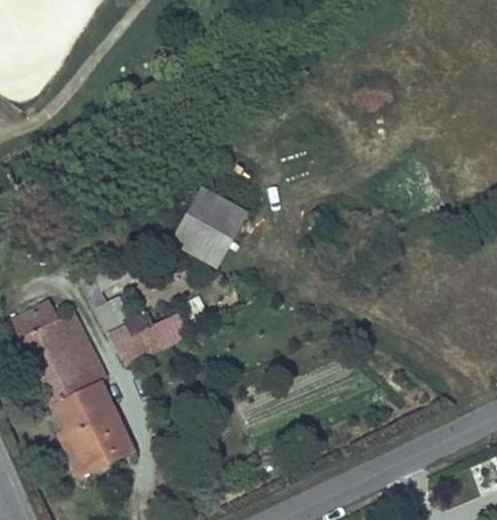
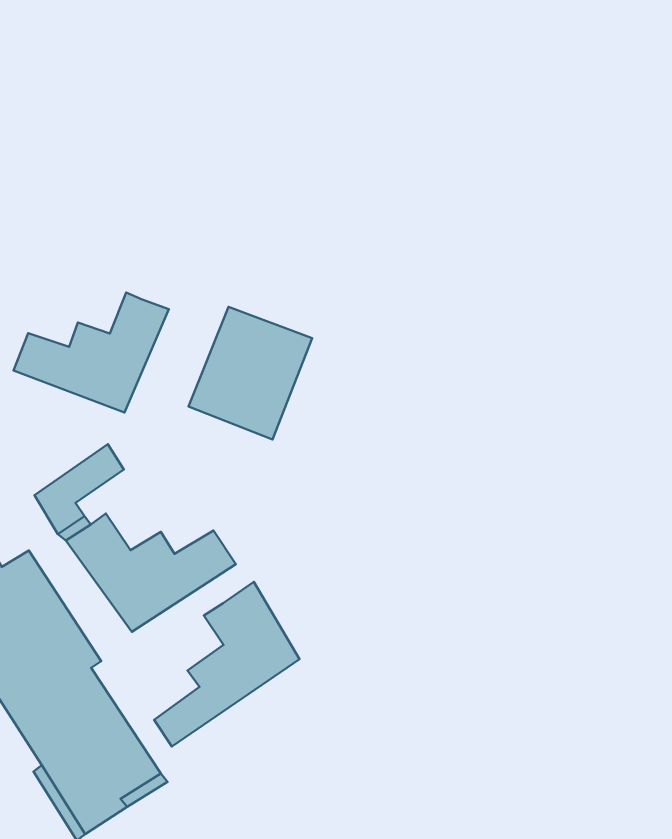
building: none -> [14,292,169,412]
building: none -> [154,582,299,746]

